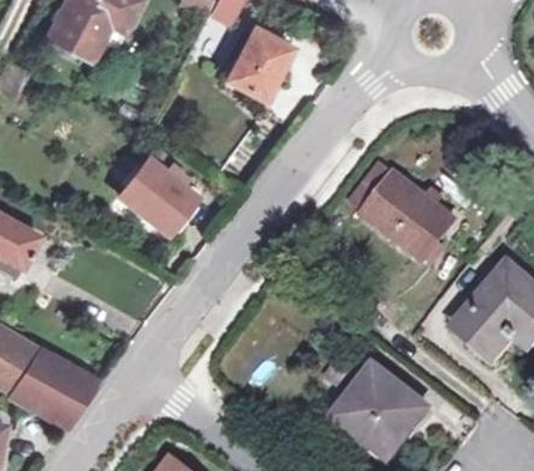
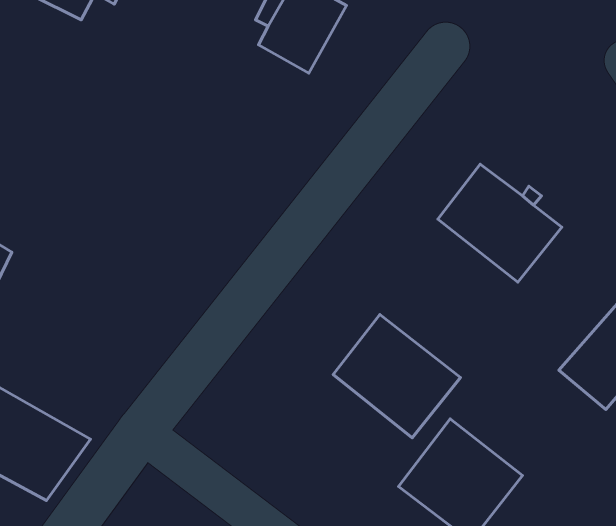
building: [118,146,198,234] -> none
building: none -> [333,314,461,438]

